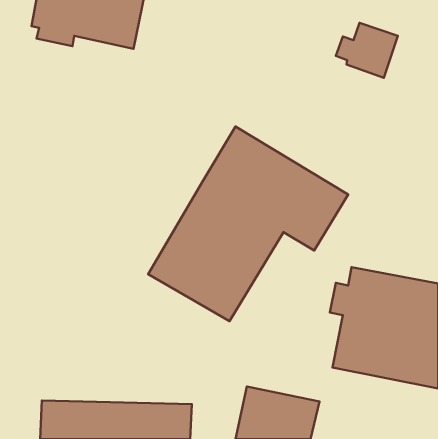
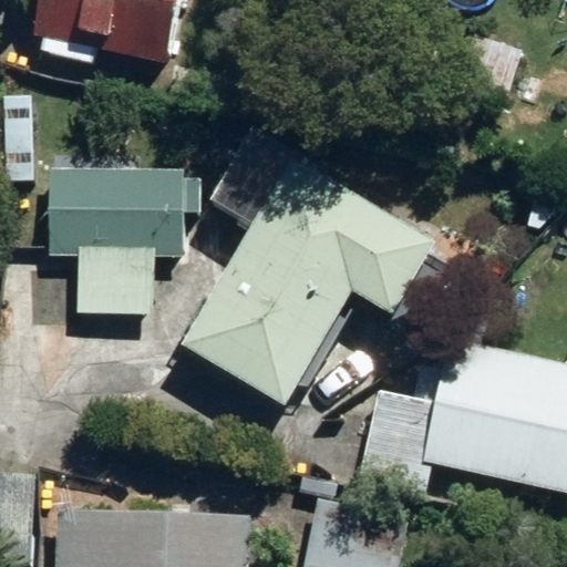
building: none -> [47,172,203,257]

